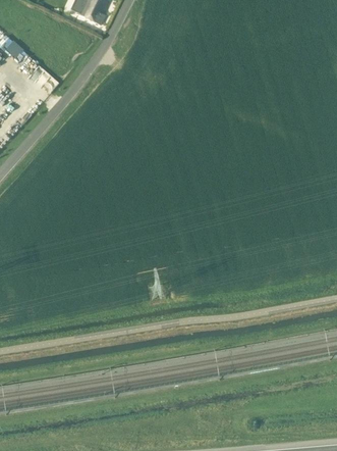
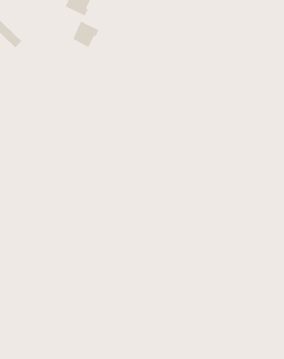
building: none -> [72,21,99,48]

